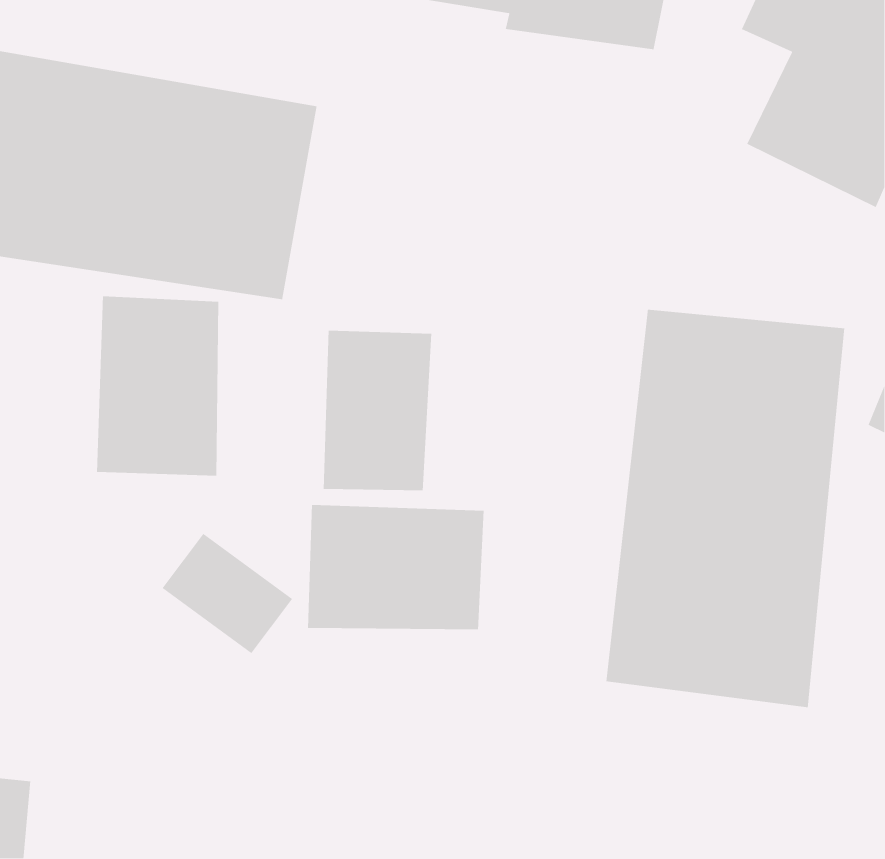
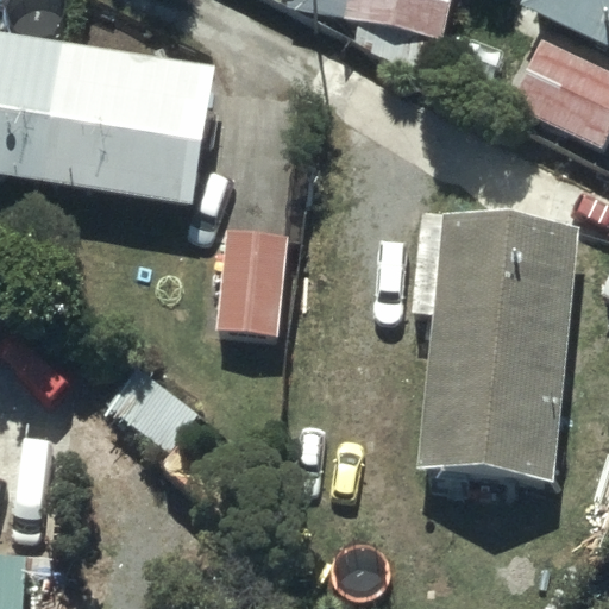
building: [96,296,219,476] -> none
building: [307,504,484,630] -> none

